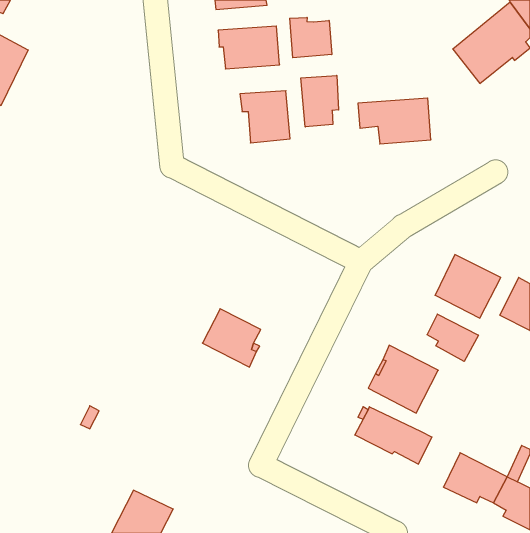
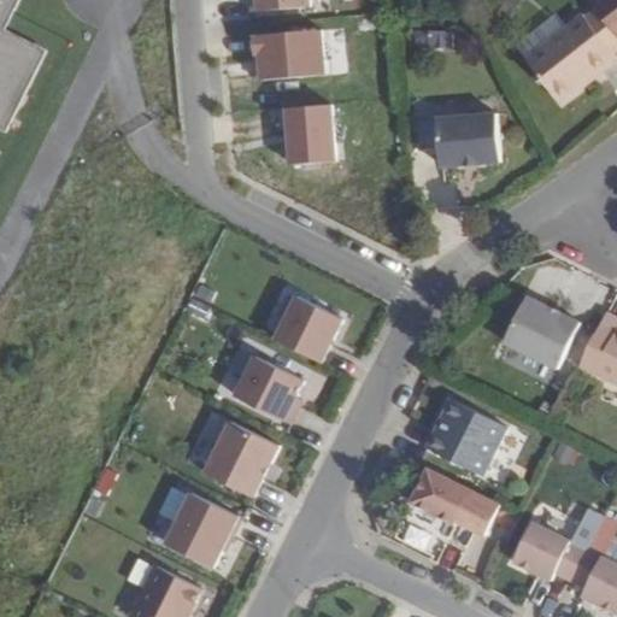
building: [290,17,332,58] -> none
building: [301,75,339,127] -> none
building: none -> [272,295,340,362]
building: [427,314,478,361] -> none
building: none -> [202,421,277,496]
building: none -> [164,493,239,566]

